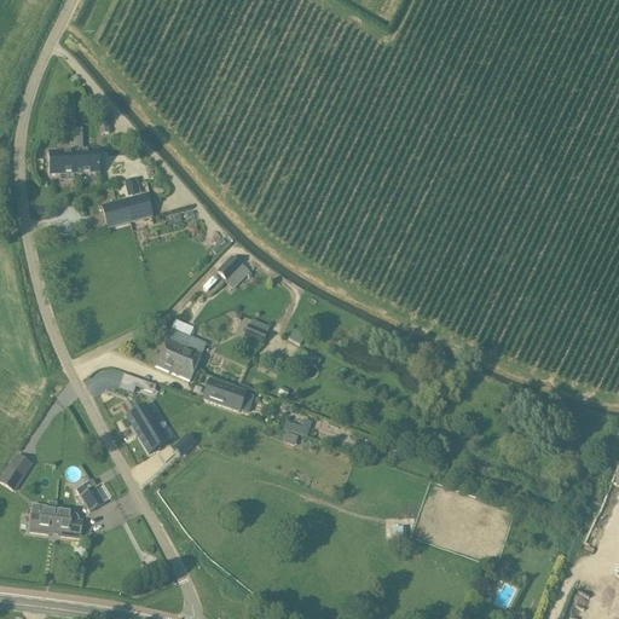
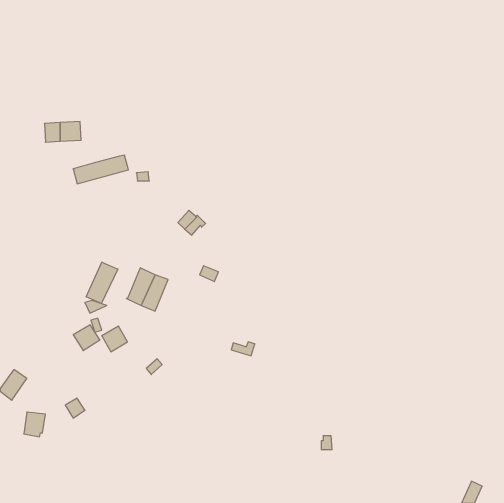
building: none -> [86,262,118,304]
building: [203,378,247,411] -> none
building: [137,418,169,450] -> [73,325,100,351]
building: [53,507,83,538] -> none

